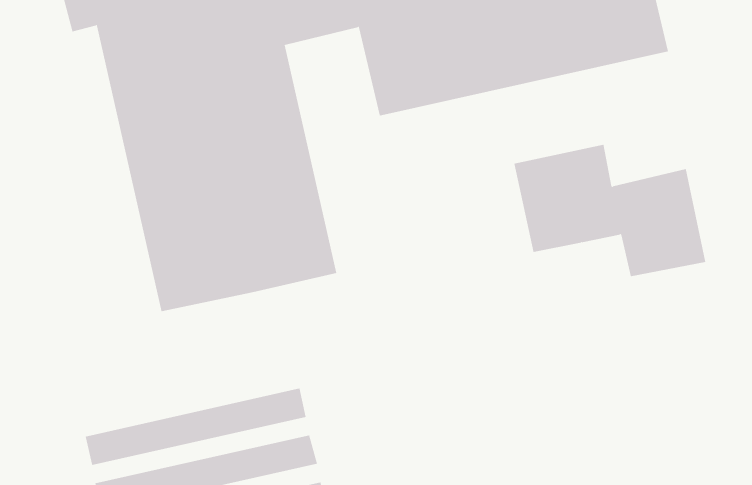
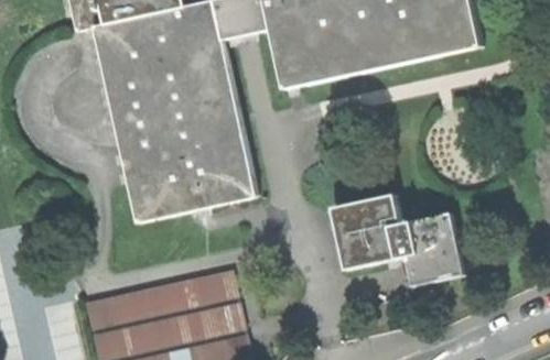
building: [514,144,706,277] -> [332,194,463,284]

